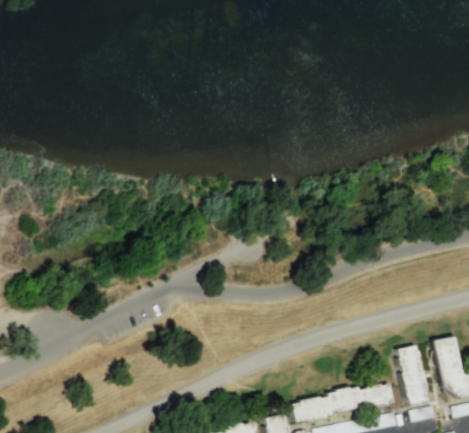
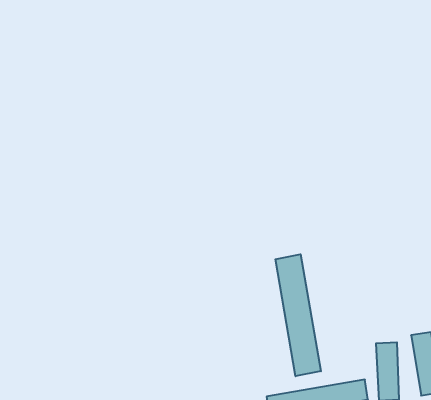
building: none -> [275,254,321,376]

